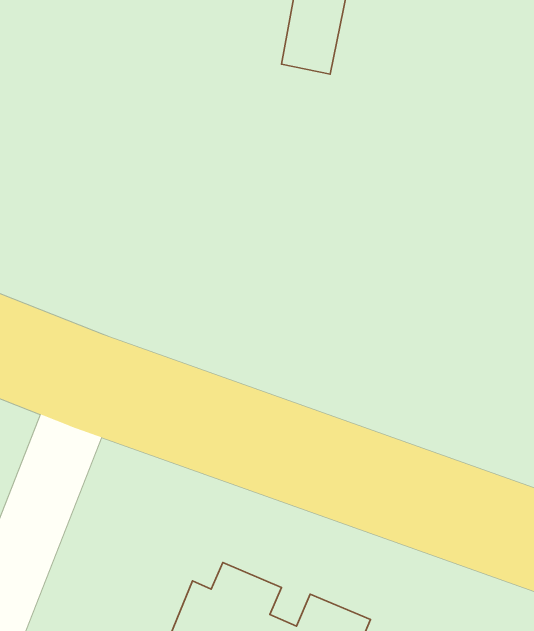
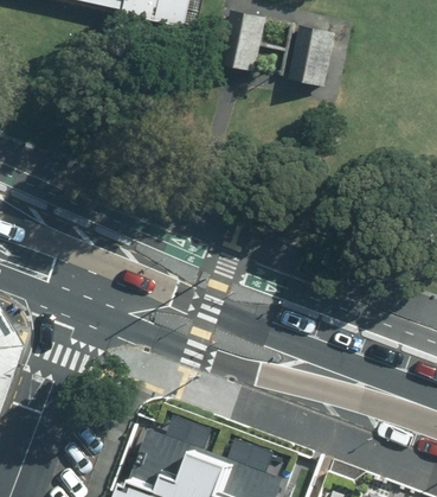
building: none -> [281,28,330,88]

